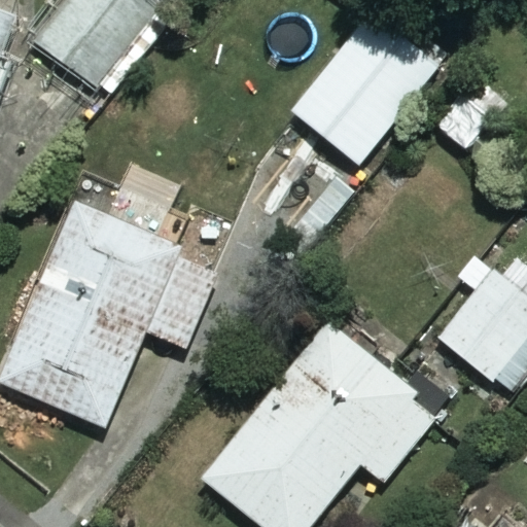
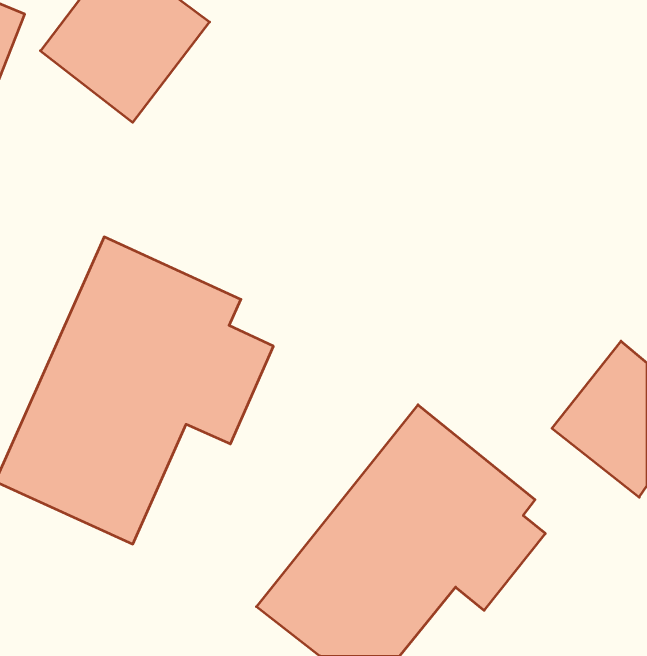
building: [287,13,442,166] -> none

